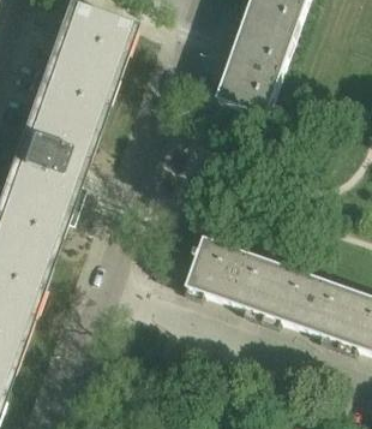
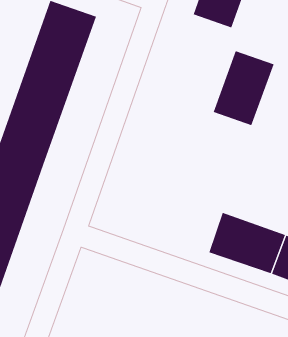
building: [220,20,295,113] -> [213,50,274,126]
building: [190,236,283,312] -> none

